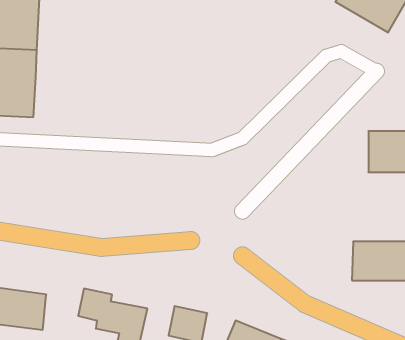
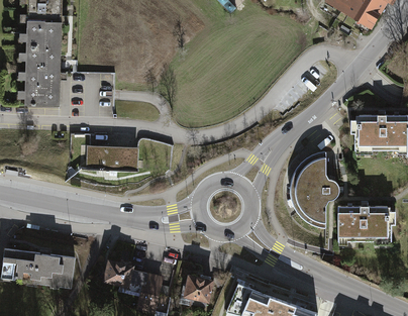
building: none -> [82,144,141,171]
building: none -> [291,150,339,227]

